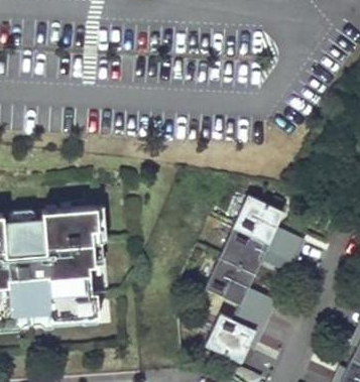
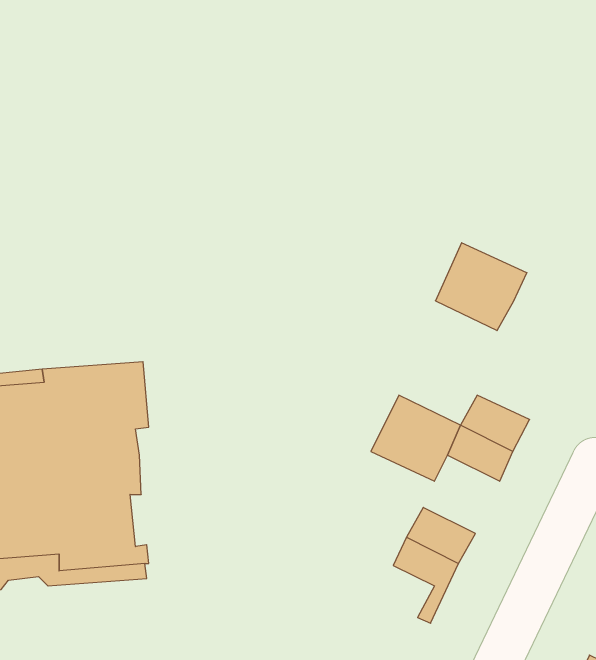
building: [236,196,285,243] -> [435,243,527,331]
building: [206,257,255,303] -> none
building: [205,312,255,361] -> none

